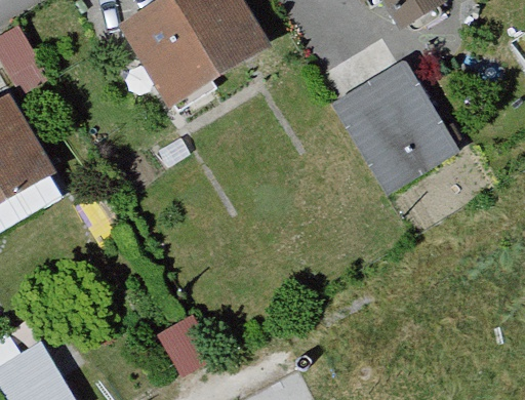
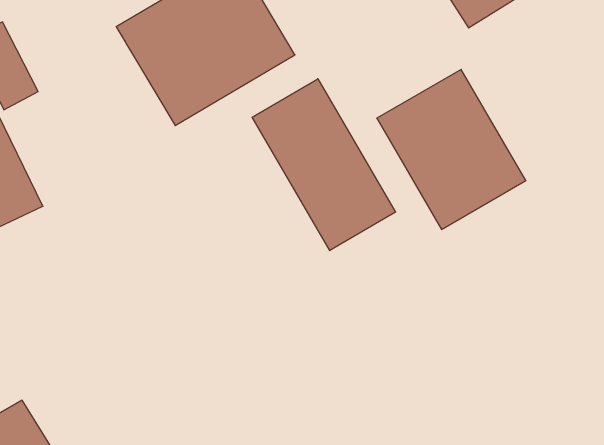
building: none -> [252,79,396,251]

